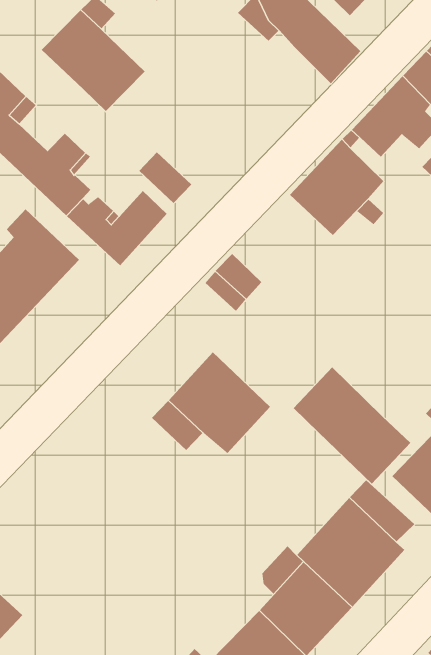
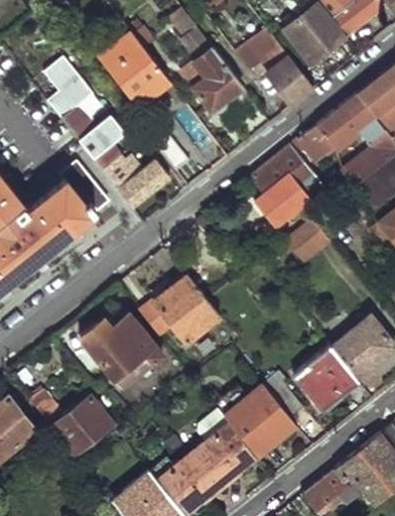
building: none -> [181,47,247,112]
building: none -> [288,221,328,260]
building: [293,366,411,485] -> none
building: none -> [79,304,163,390]
building: none -> [32,393,112,455]

